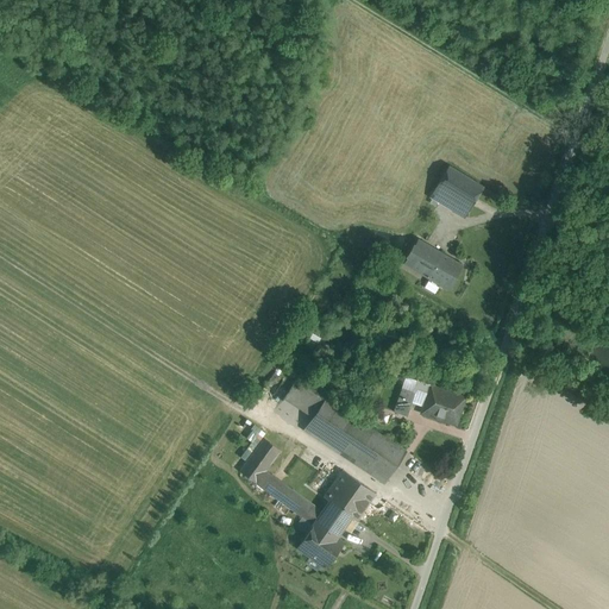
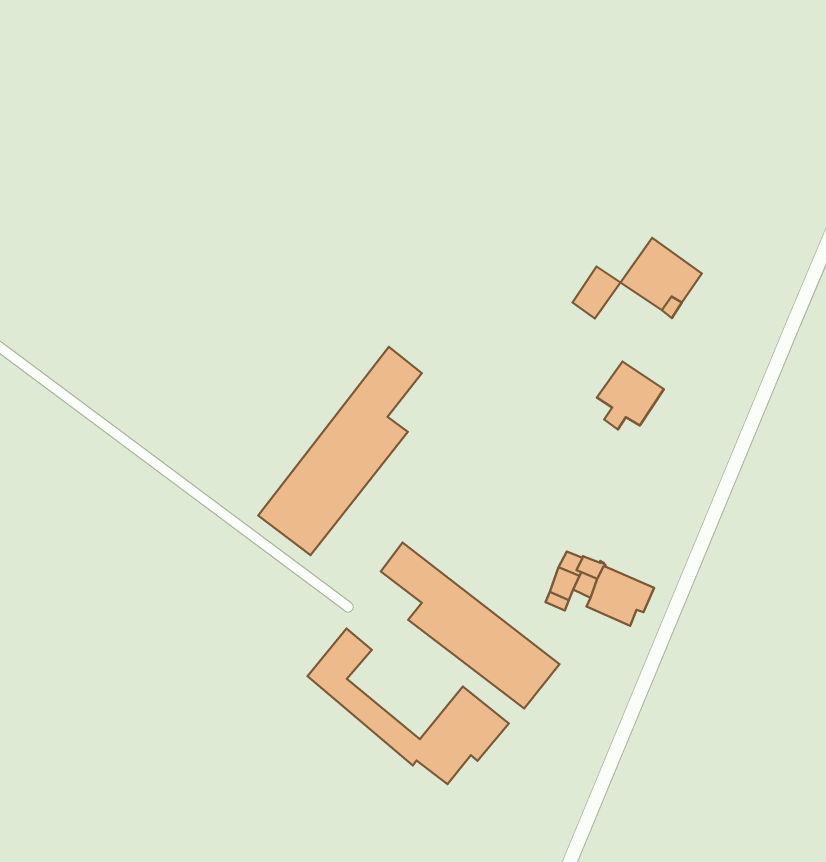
building: [403,239,434,274] -> [573,266,621,318]
building: none -> [258,347,422,555]
building: [297,522,344,569] -> none

